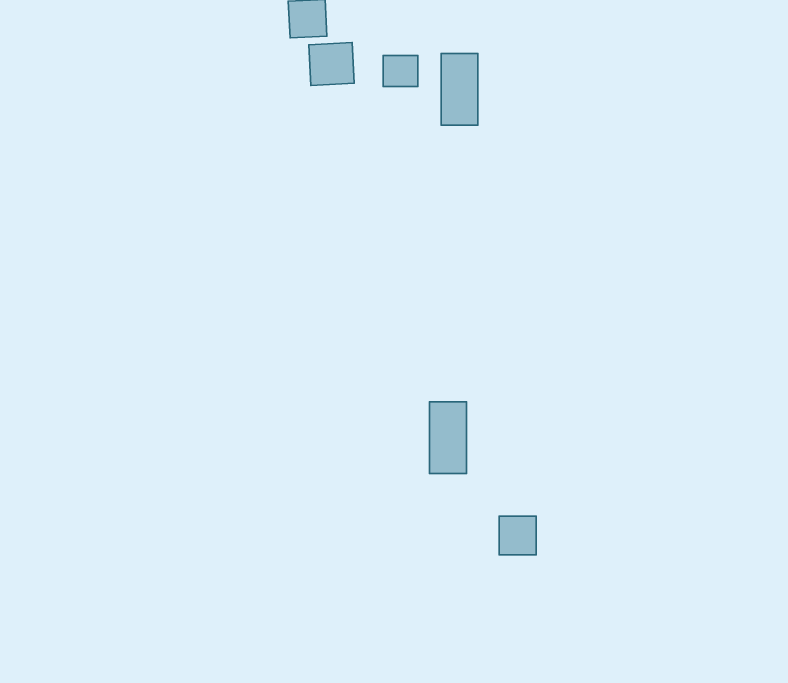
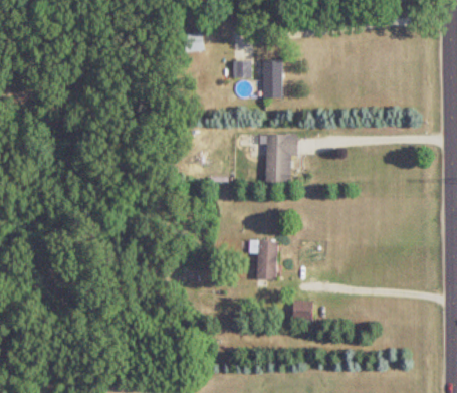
building: [309,43,354,85] -> none
building: none -> [265,134,296,182]

